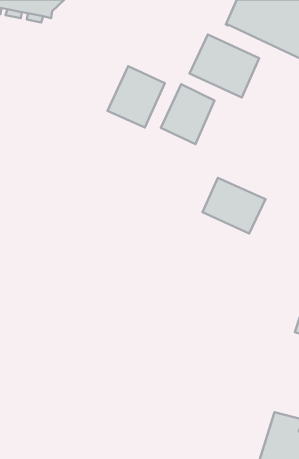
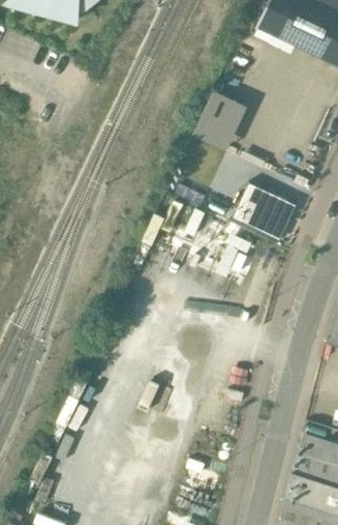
building: [190,35,259,98] -> none
building: [108,66,165,127] -> none

